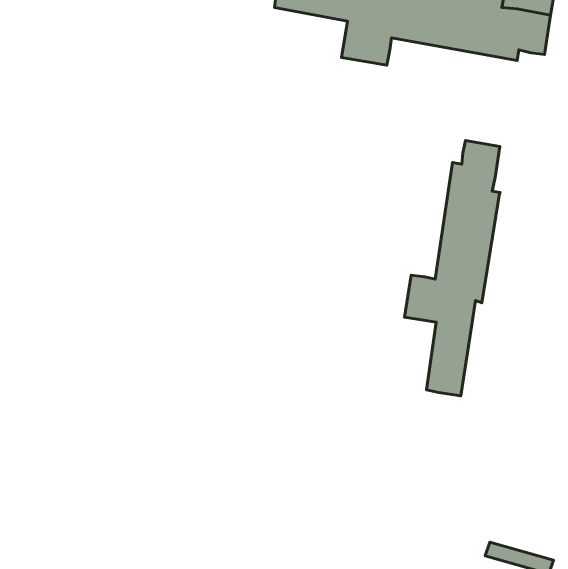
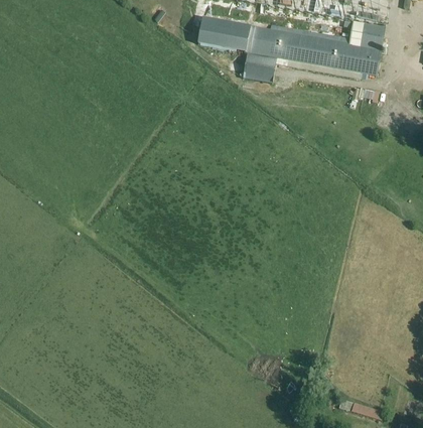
building: [404,140,500,396] -> none

